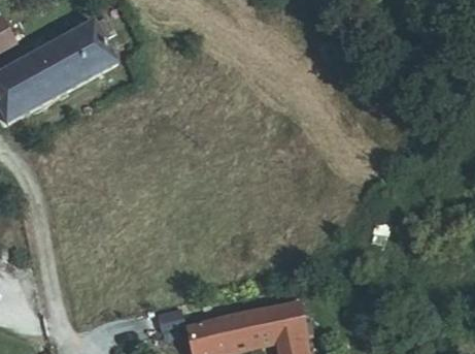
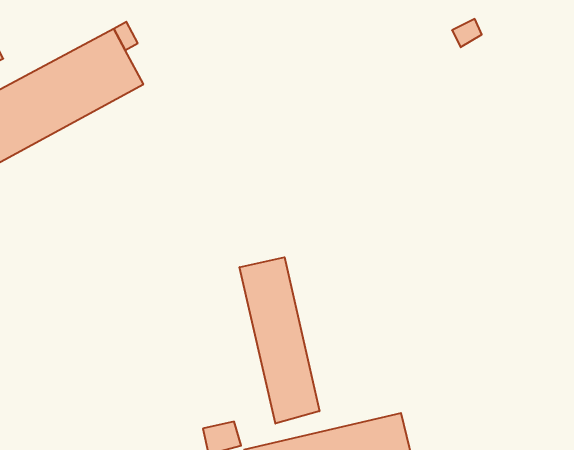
building: none -> [240,257,319,424]

